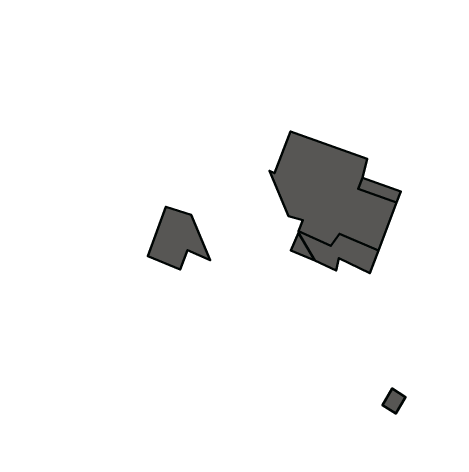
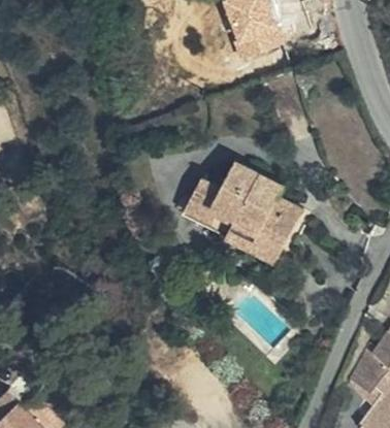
building: [148,207,210,269] -> [187,170,229,215]

